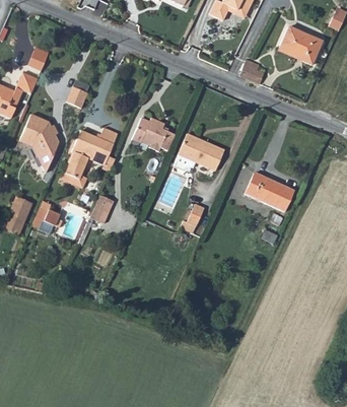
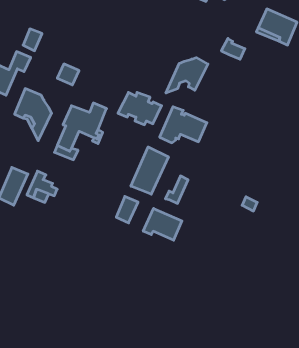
building: none -> [166,58,208,93]
building: [246,172,294,210] -> none
building: none -> [131,147,168,194]
building: [90,195,114,223] -> [116,196,138,223]
building: none -> [143,208,182,240]

